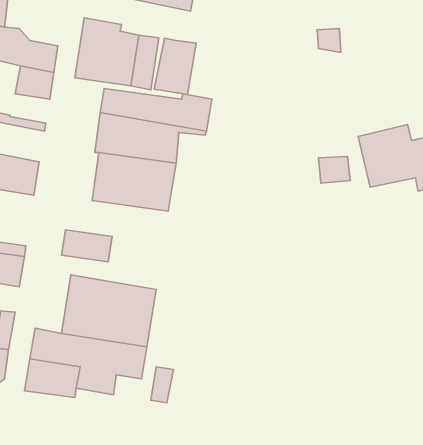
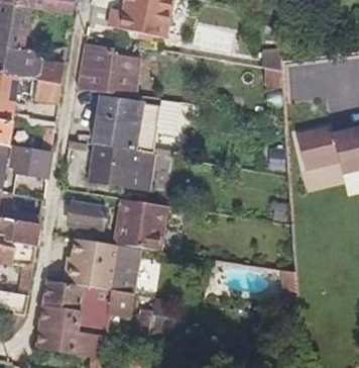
building: [154,38,196,95] -> none
building: none -> [114,197,166,250]
building: none -> [36,326,105,357]

